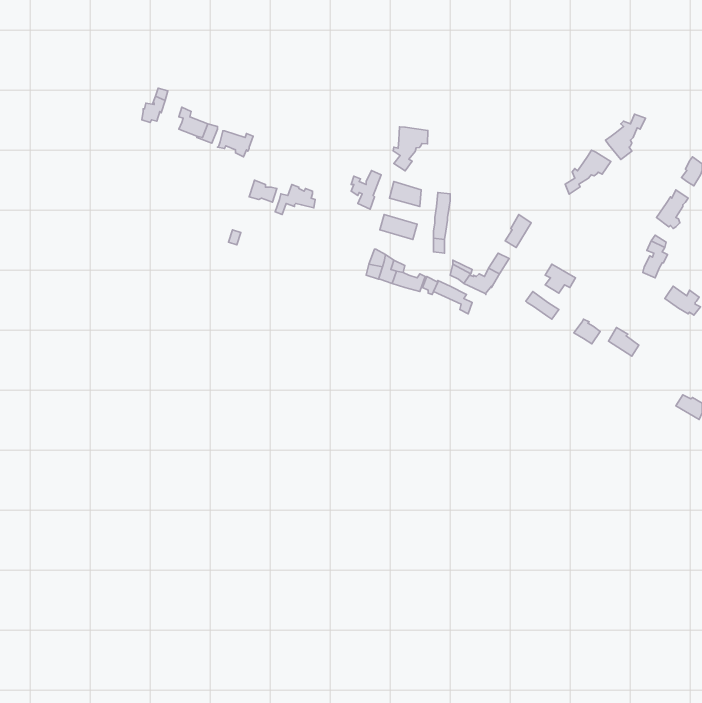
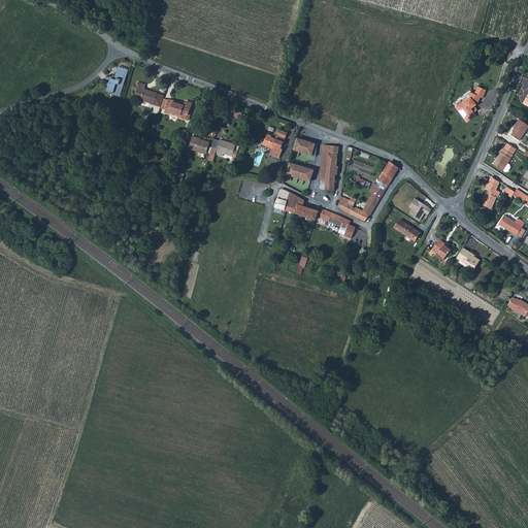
building: [393,127,428,171] -> none
building: [565,150,611,194] -> none

